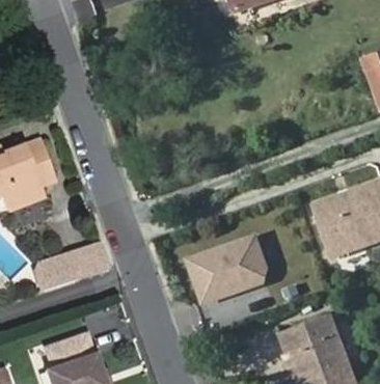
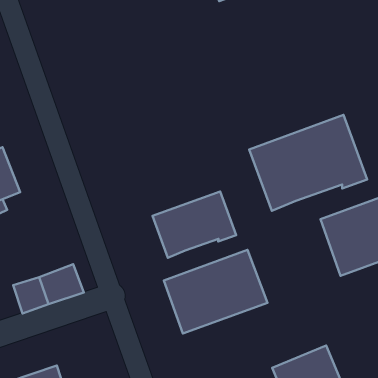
building: none -> [249,115,367,211]
building: none -> [153,191,236,258]

